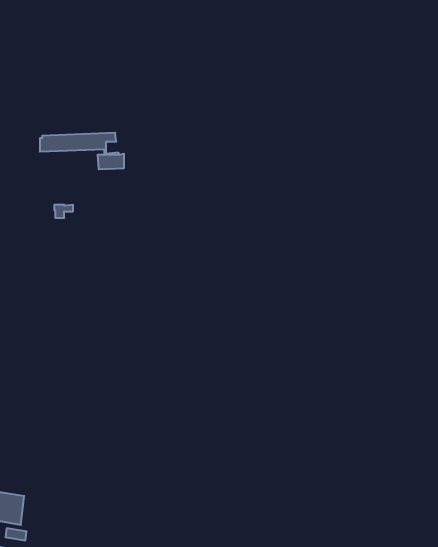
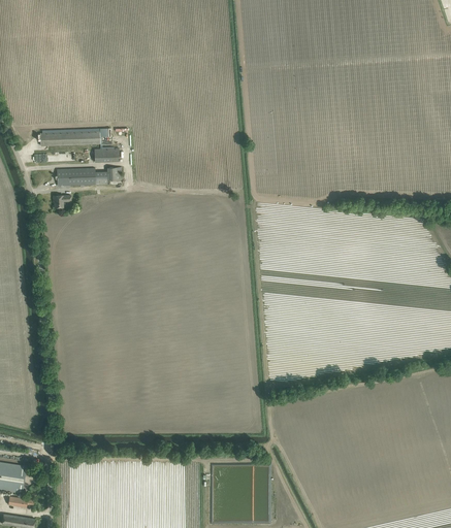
building: none -> [56,167,121,186]

